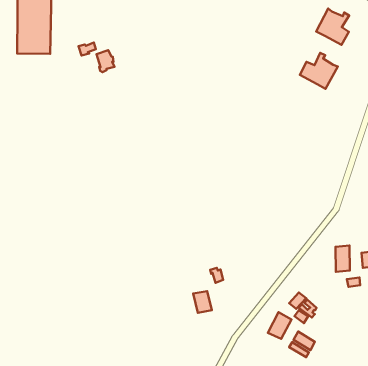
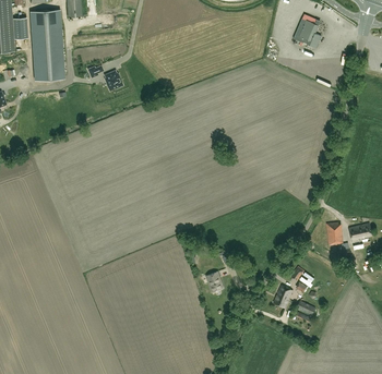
building: [300,53,338,89] -> none

